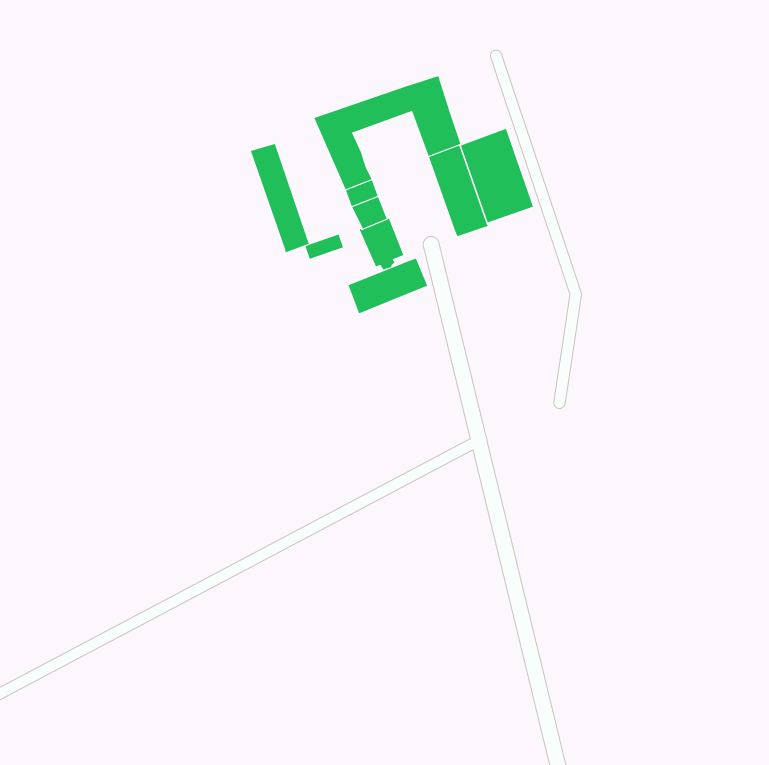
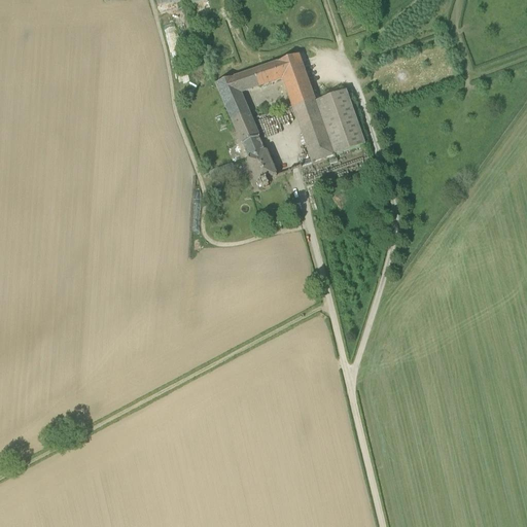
building: [250,143,309,253] -> none
building: [348,258,428,314] -> none

